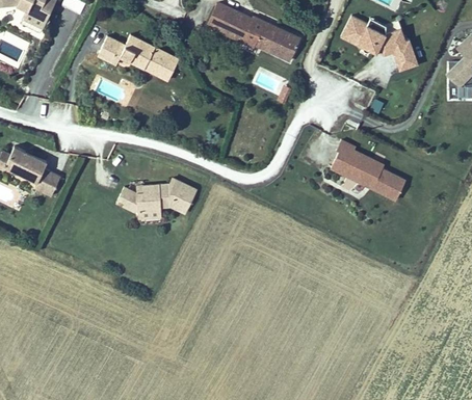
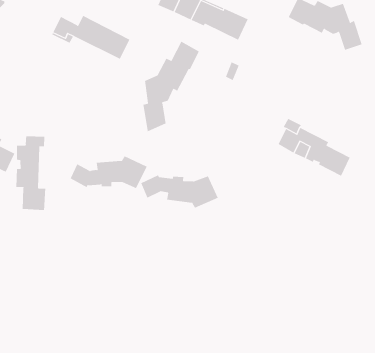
building: none -> [143,41,200,132]
building: none -> [16,136,46,211]
building: none -> [141,174,219,209]

